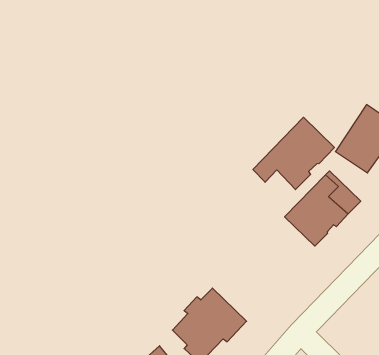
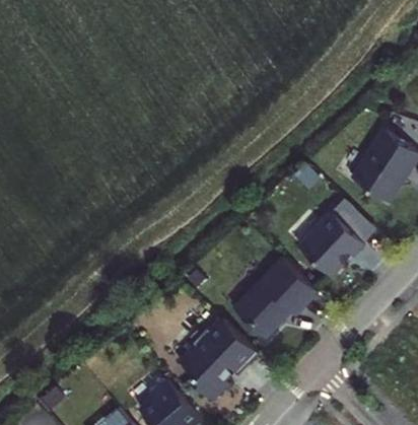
building: [253,117,334,190] -> none
building: none -> [232,258,318,339]

